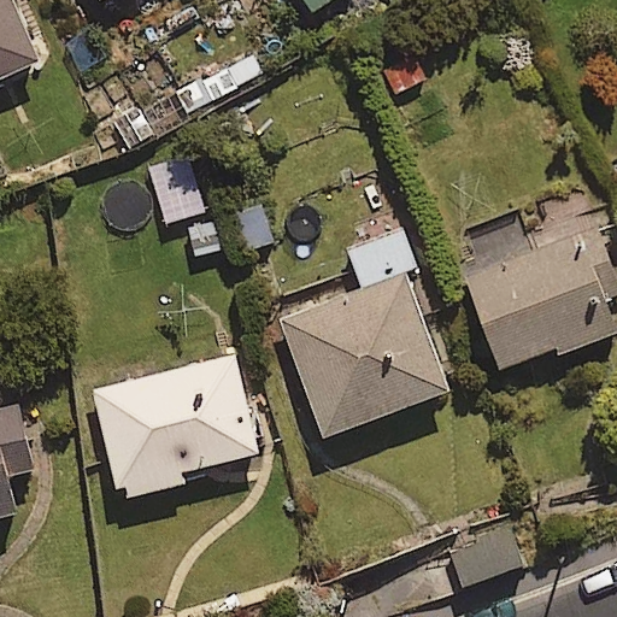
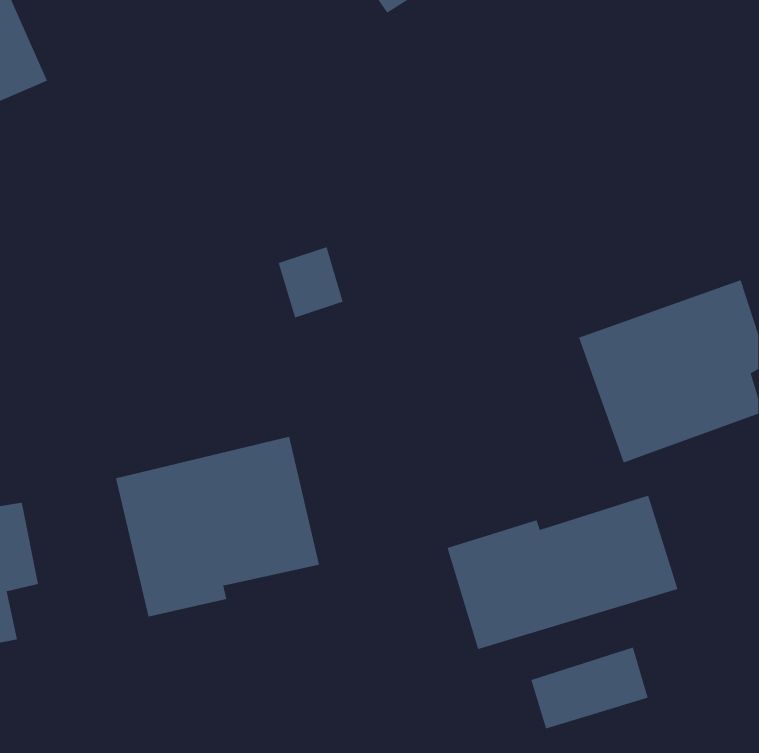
building: [280,225,448,437] -> none
building: none -> [447,495,678,650]

